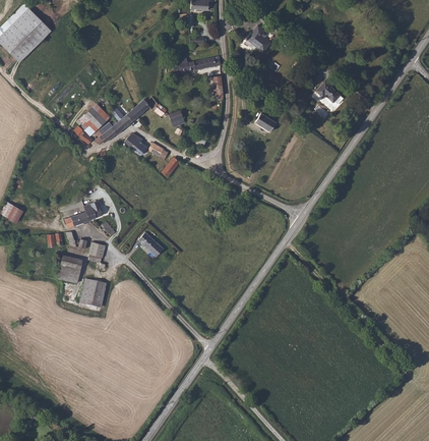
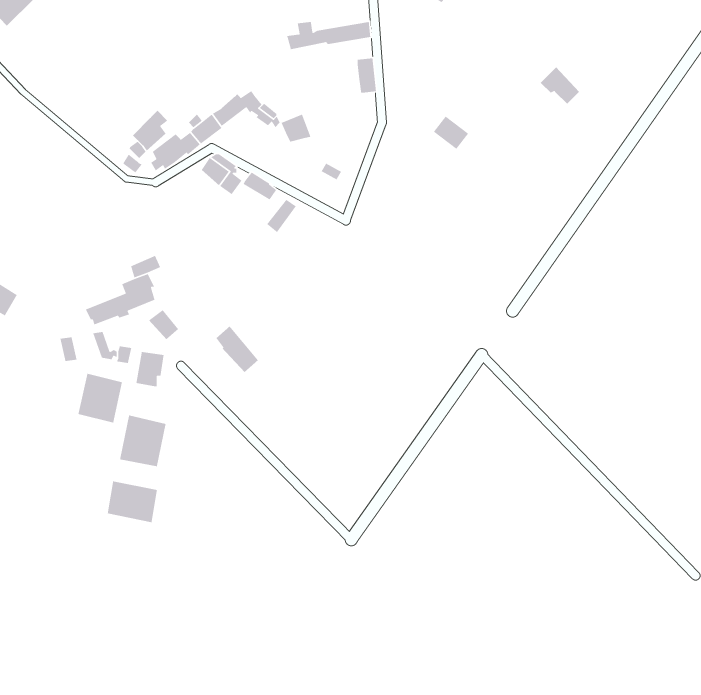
building: none -> [107,480,158,523]

